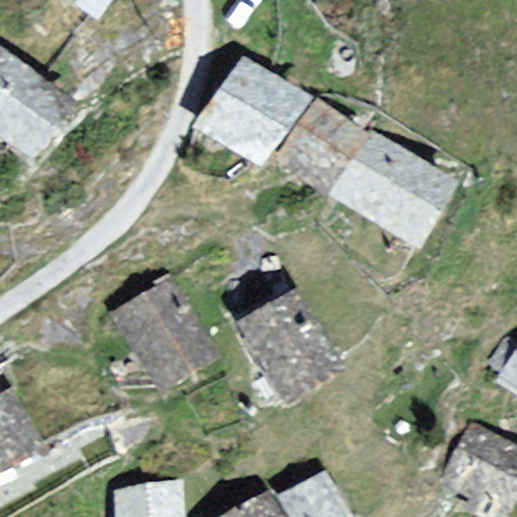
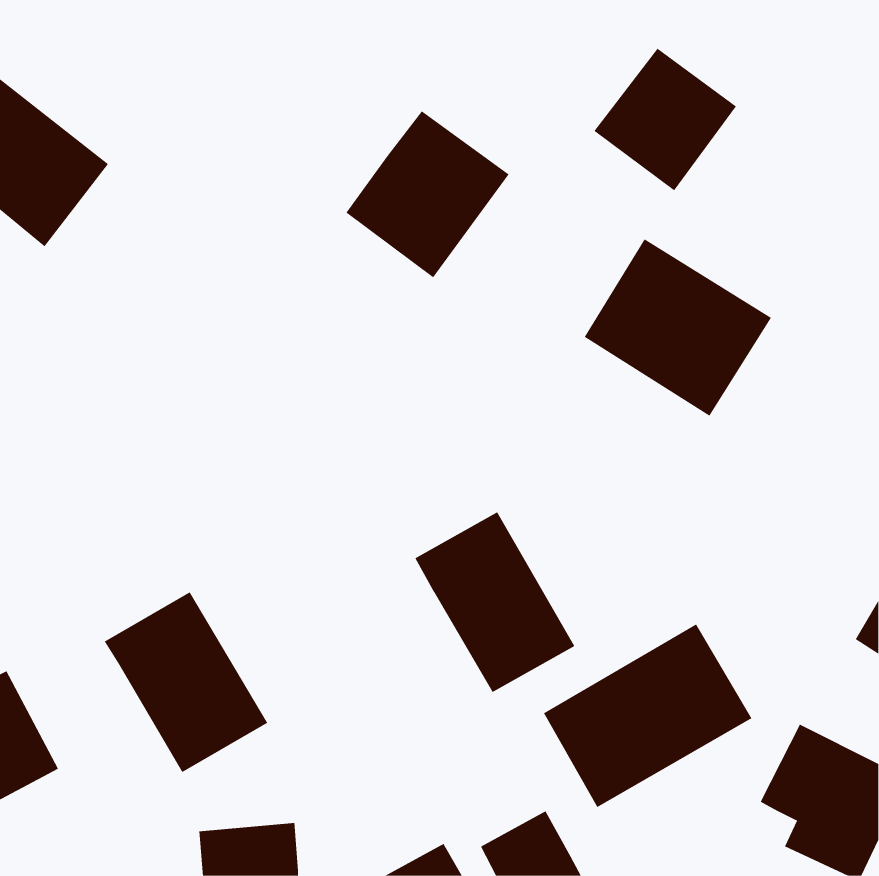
building: [280,106,364,190] -> [593,48,737,191]
building: [115,285,211,391] -> [104,591,268,773]
building: none -> [543,623,752,808]

